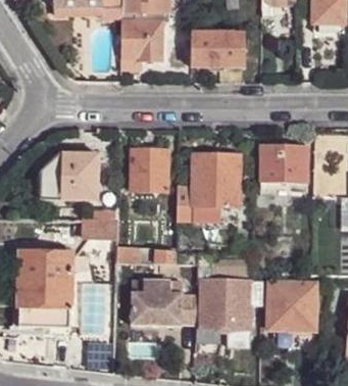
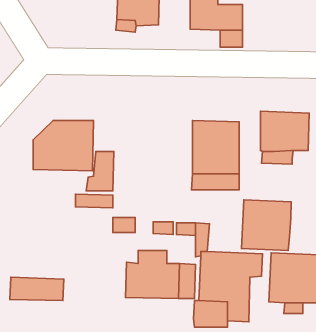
building: [132,149,168,190] -> none
building: none -> [242,200,291,250]
building: [19,250,71,305] -> none

